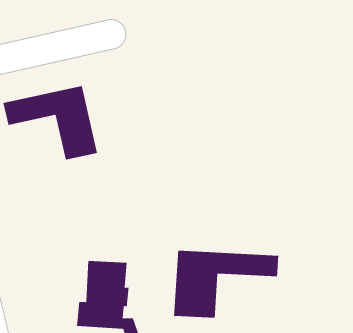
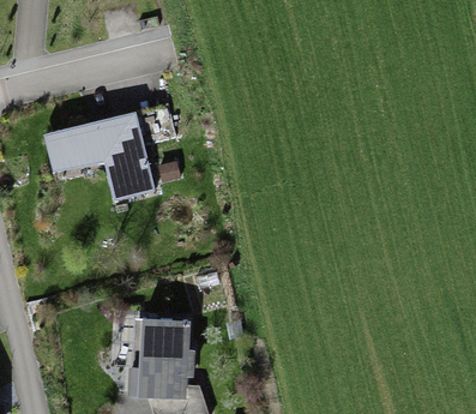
building: [174,250,279,319] -> none

